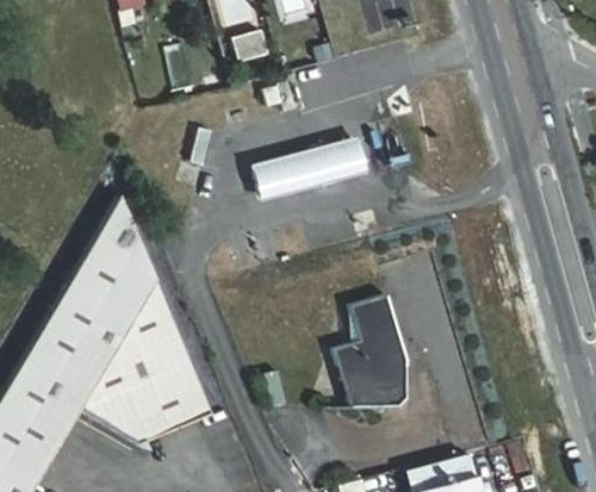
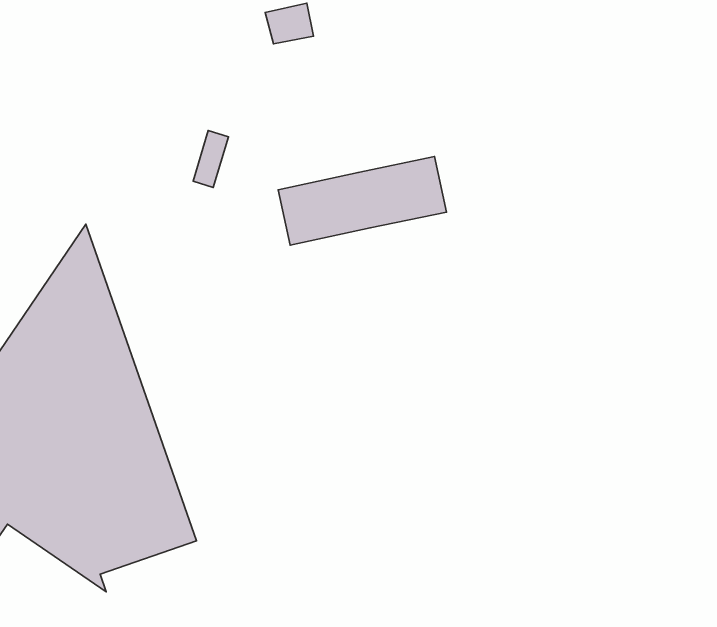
building: [335,294,410,407] -> none

